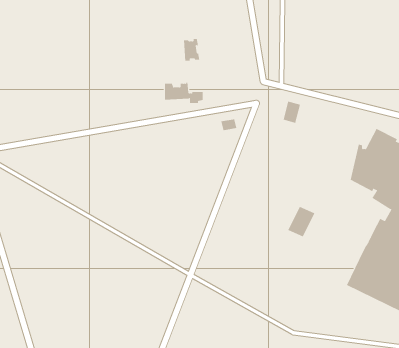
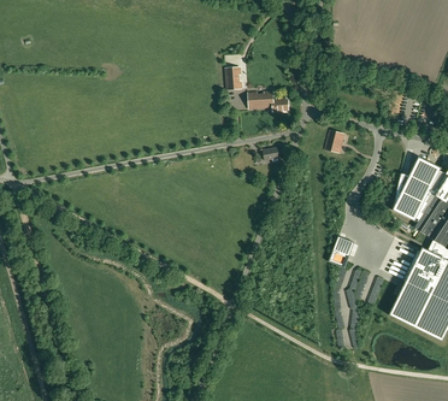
building: [164,82,204,104] -> [249,90,289,112]

